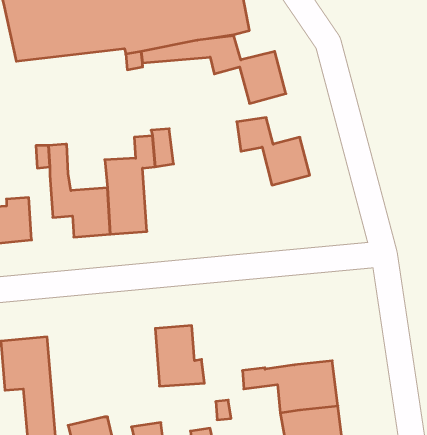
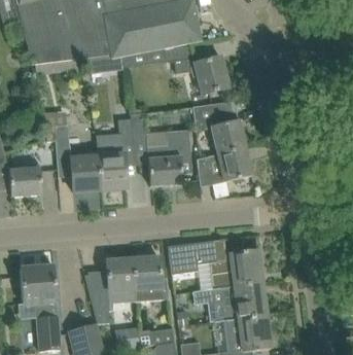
building: none -> [147,130,192,185]
building: none -> [197,146,252,185]
building: none -> [169,242,262,288]
building: none -> [85,258,136,323]

